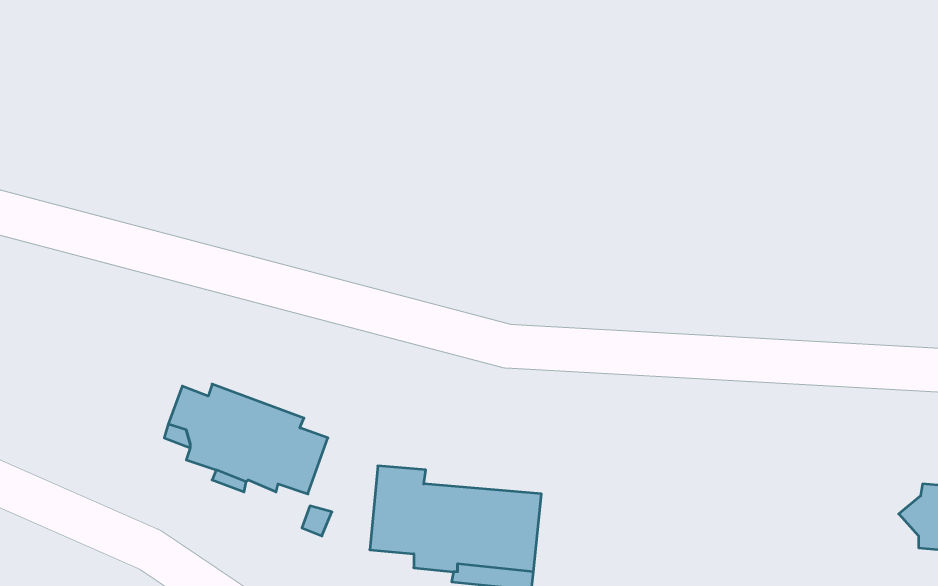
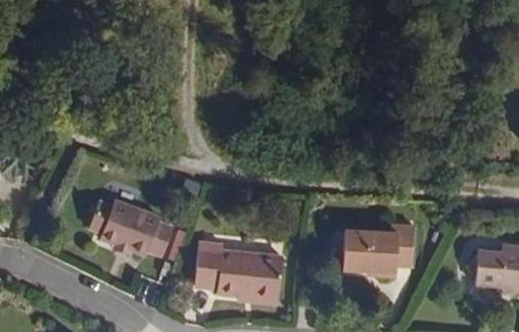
building: none -> [342,225,414,277]

